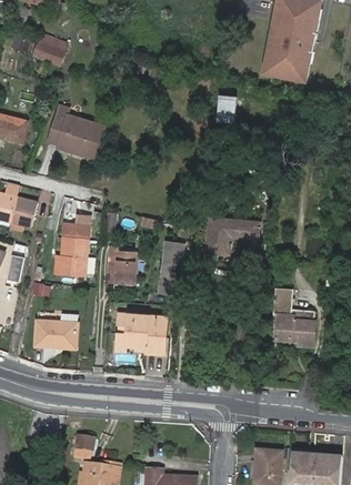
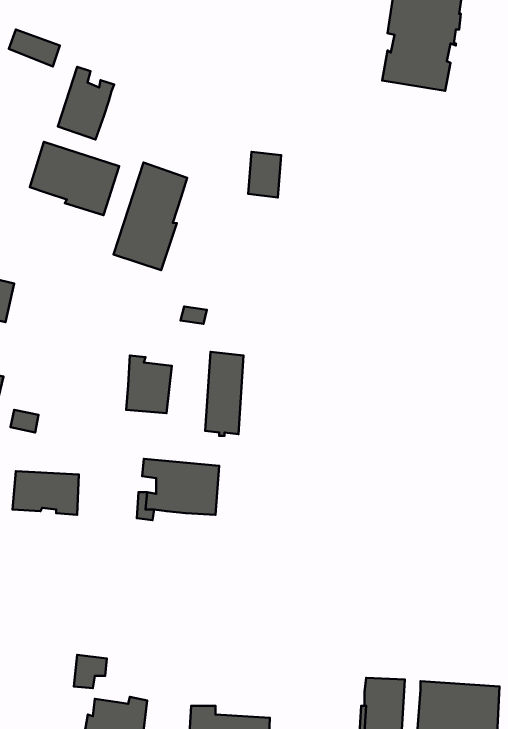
building: none -> [58,67,114,139]
building: [212,93,233,122] -> [248,152,281,197]
building: none -> [114,162,187,270]
building: [203,218,257,254] -> none
building: [60,222,88,274] -> none
building: [268,285,311,343] -> none

